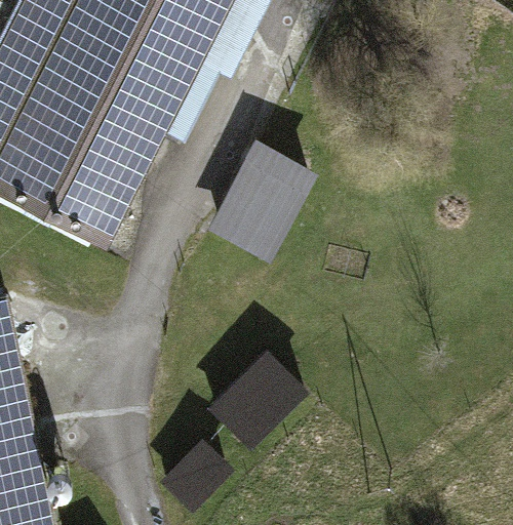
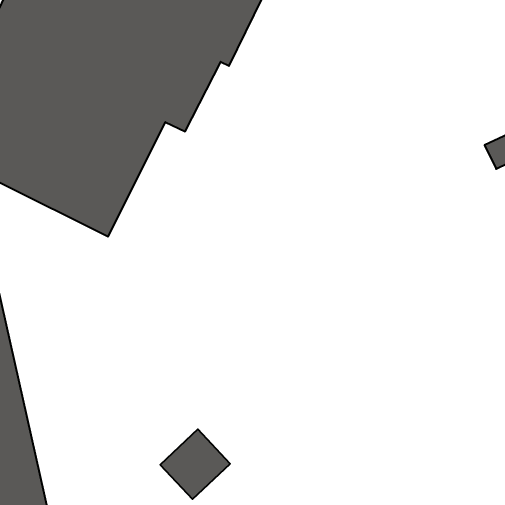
building: [215,149,300,244] -> none
building: [211,345,312,447] -> none

